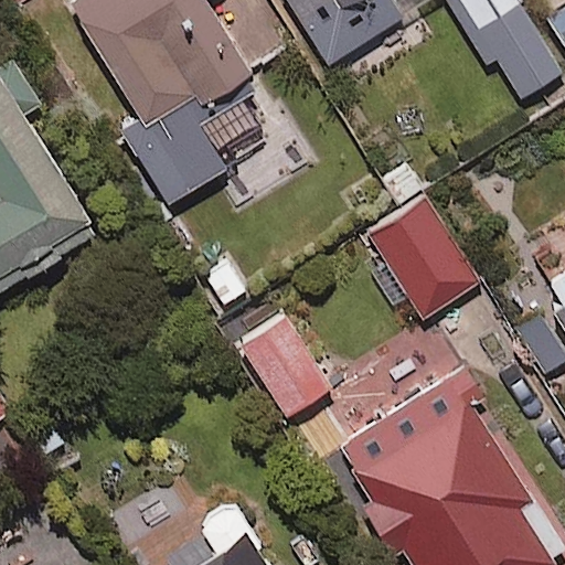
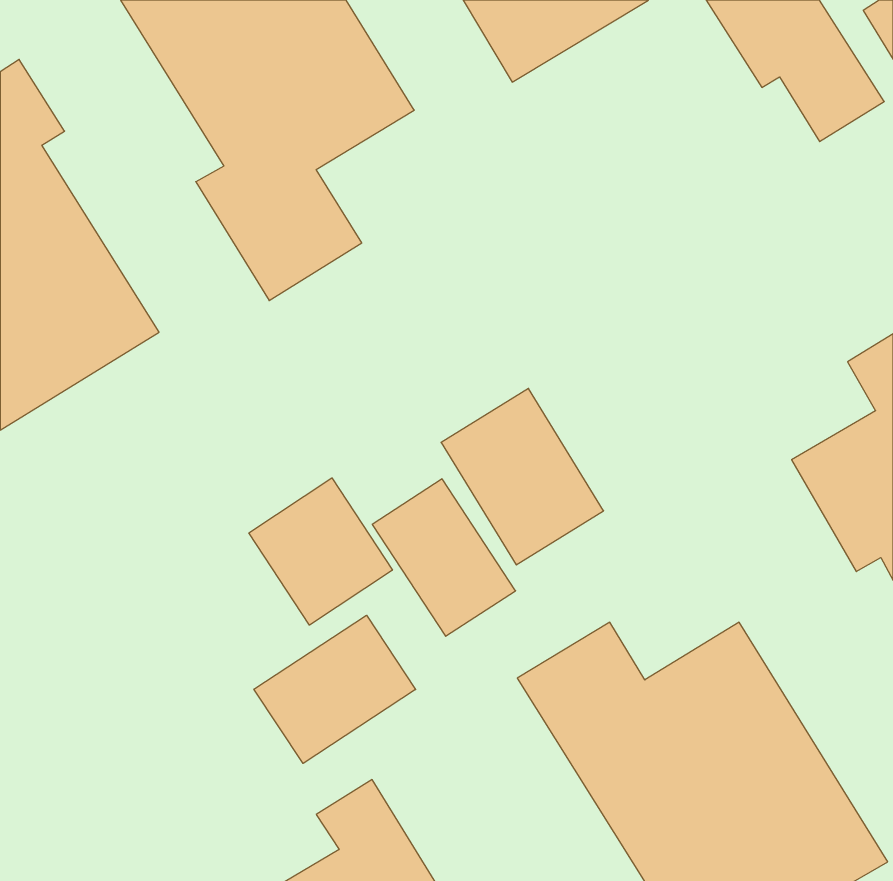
building: [372,203,475,315] -> [441,388,604,565]
building: none -> [249,478,392,625]
building: none -> [254,615,416,763]

